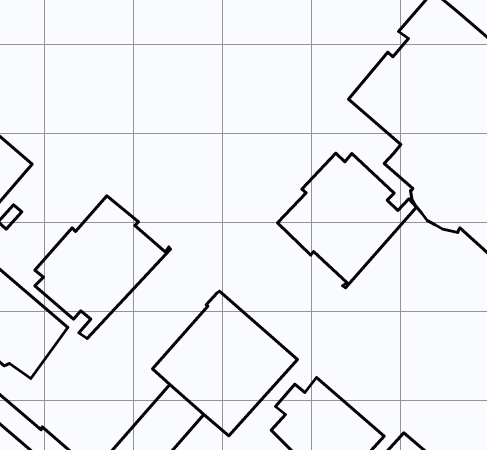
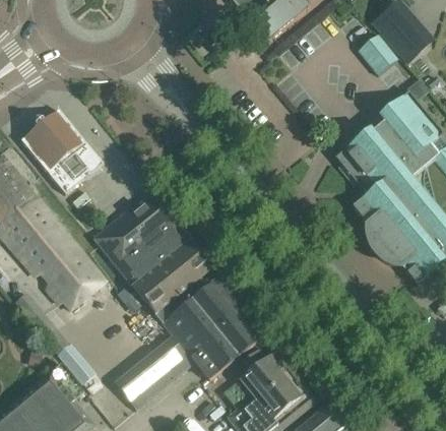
building: [277,153,416,288] -> none
building: none -> [120,241,219,323]

